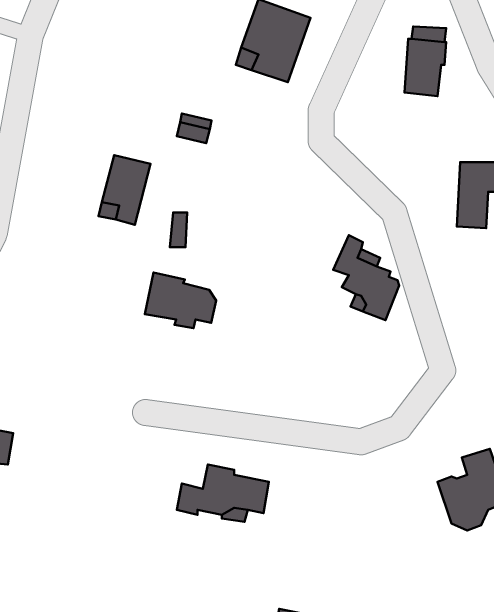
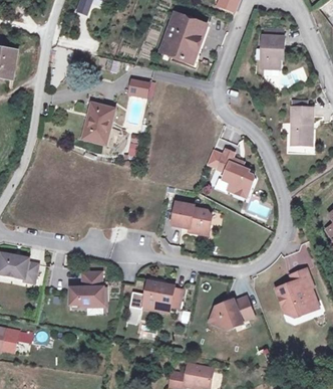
building: [145,273,216,328] -> [174,202,215,234]
building: none -> [70,273,105,308]
building: none -> [208,297,252,329]

